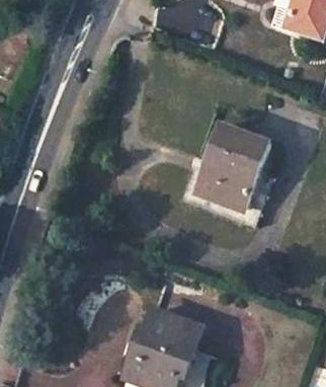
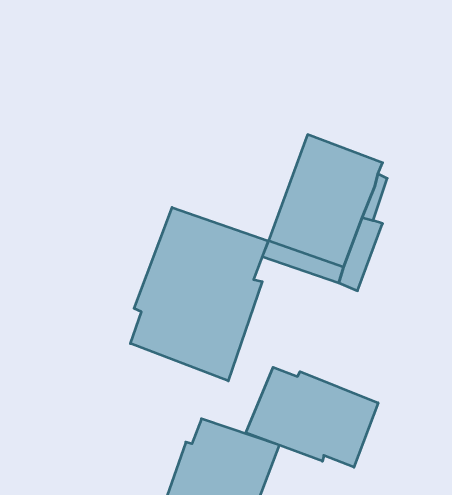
building: none -> [130,207,268,381]
building: none -> [246,367,378,467]

